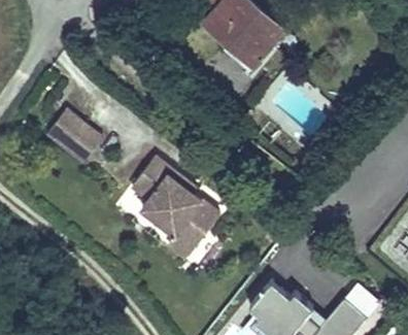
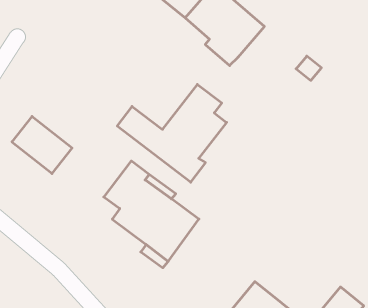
building: none -> [117,84,227,182]

